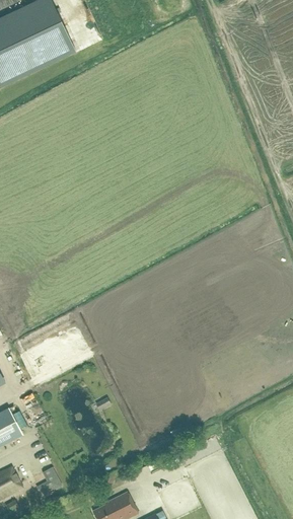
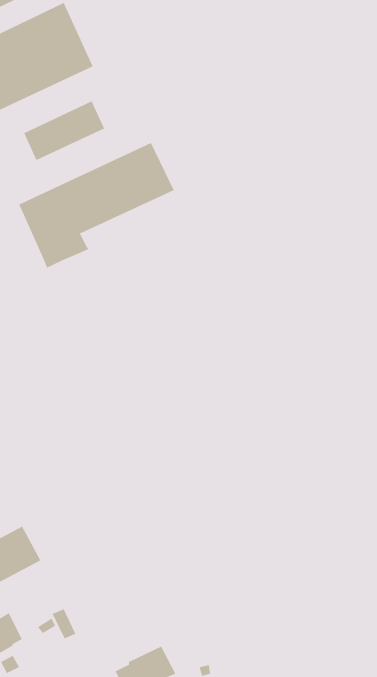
building: none -> [23,101,105,161]
building: none -> [19,142,175,269]

